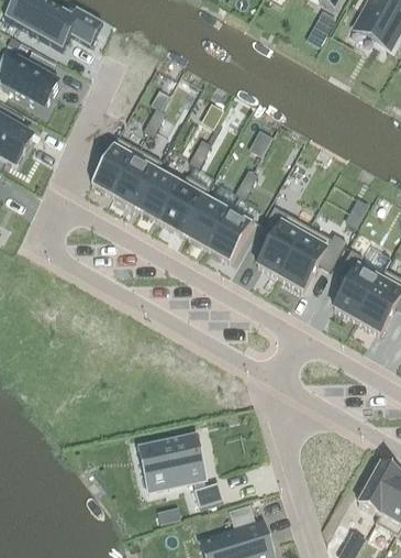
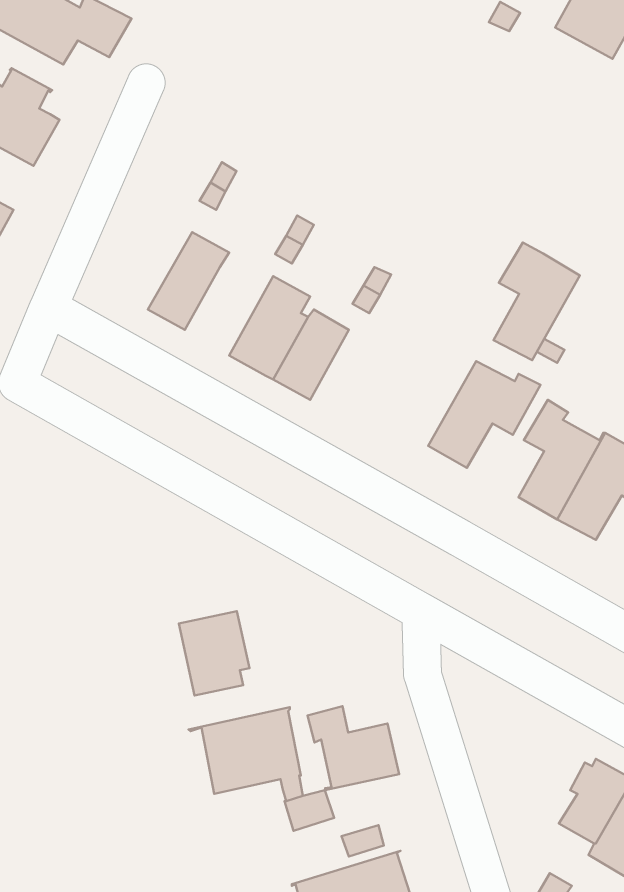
building: [91,136,138,195] -> none
building: [134,167,187,222] -> none
building: [256,206,308,276] -> [493,242,580,360]
building: [209,207,254,261] -> none
building: none -> [179,611,249,695]
building: none -> [307,706,399,790]

